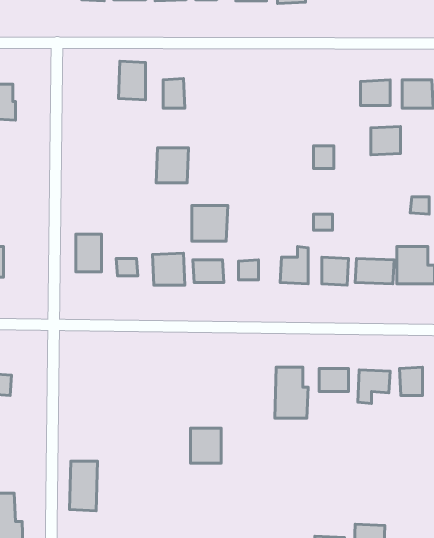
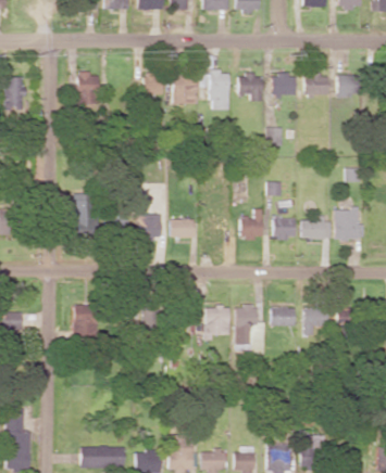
building: [119,61,145,100] -> [77,73,99,104]
building: none -> [210,71,229,110]
building: none -> [238,75,262,101]
building: [371,127,400,155] -> [272,74,296,97]
building: [156,148,188,183] -> [172,76,198,104]
building: [192,206,228,241] -> none
building: [190,428,221,463] -> [204,307,229,335]
building: [69,461,98,511] -> [73,305,96,345]

